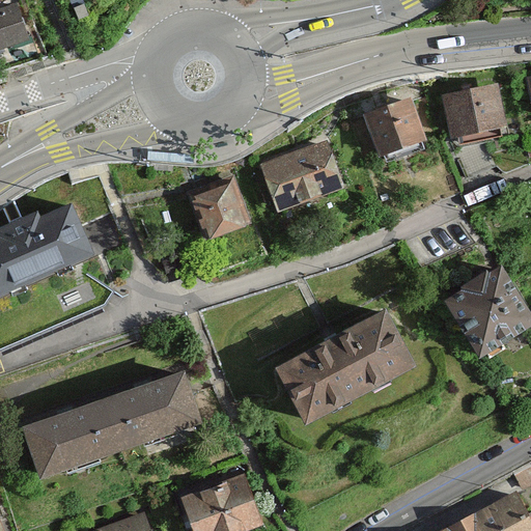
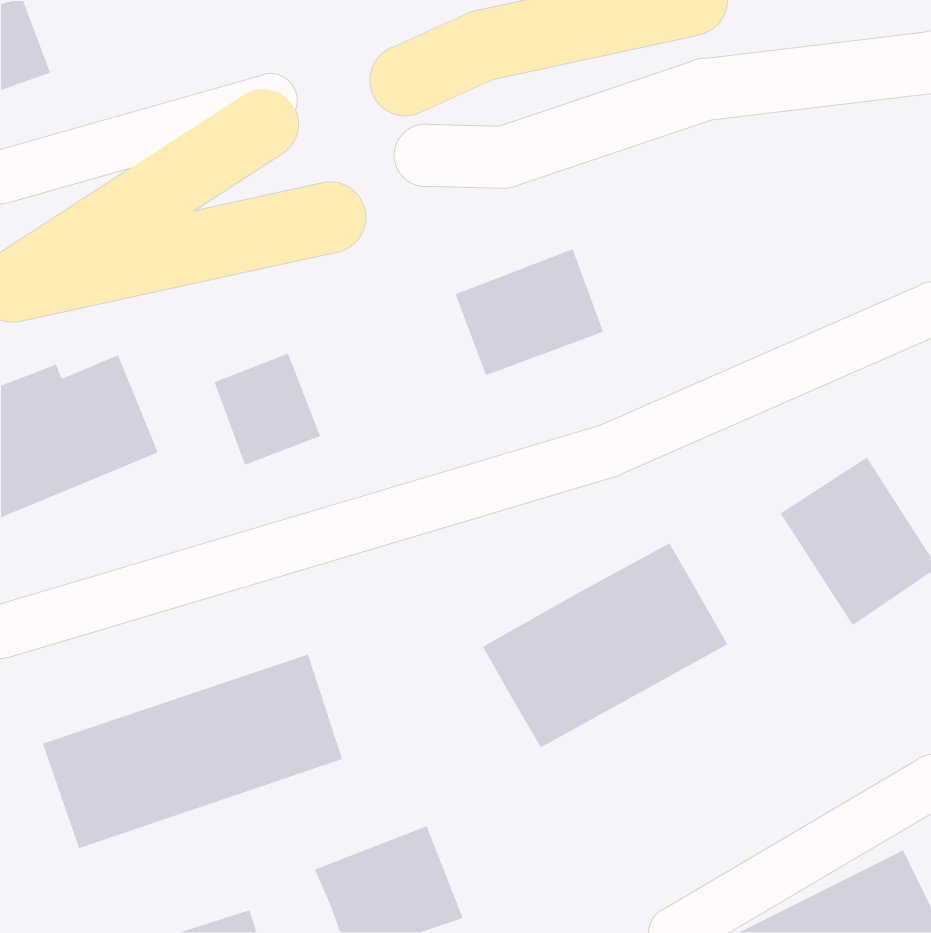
building: [441,83,503,137] -> none
building: [365,100,424,163] -> none
building: [187,178,248,243] -> [214,353,321,466]

